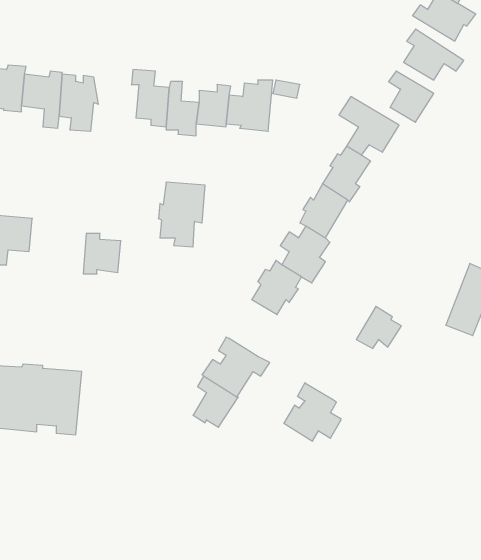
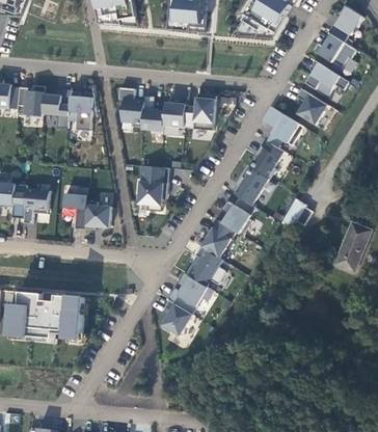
building: none -> [62,186,88,228]
building: [356,306,401,349] -> [280,197,312,226]
building: [284,383,341,441] -> [185,245,224,286]

